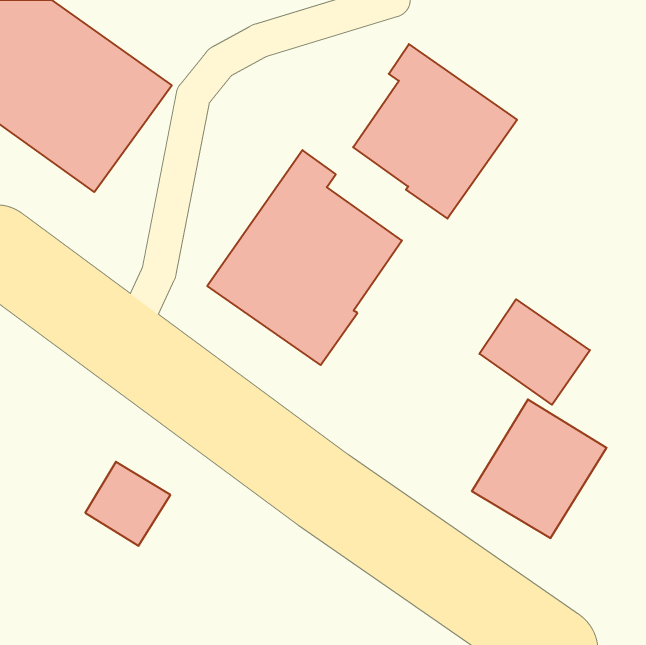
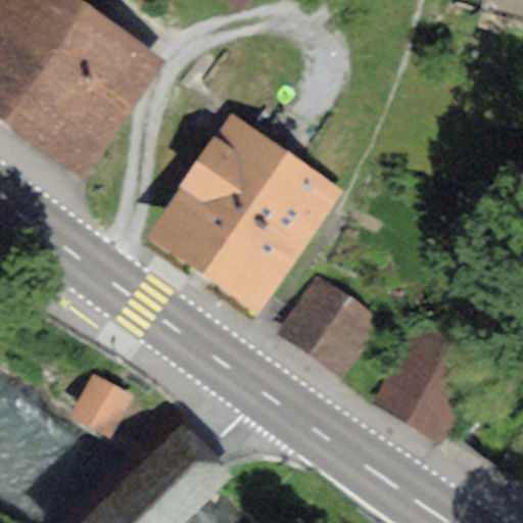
building: [353,44,517,219] -> none
building: [479,299,590,405] -> [283,288,372,373]

